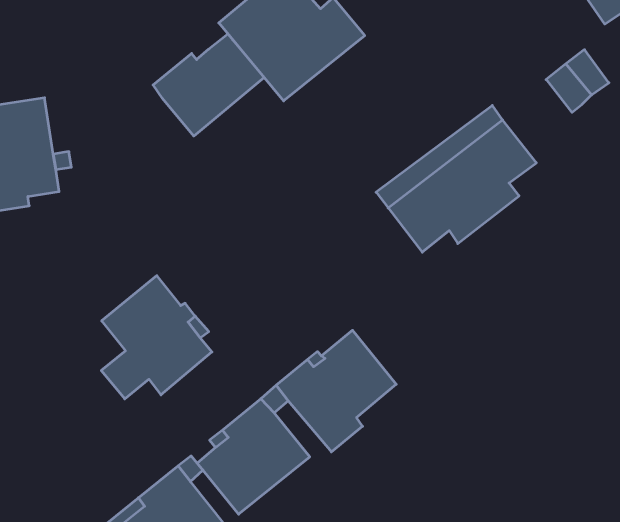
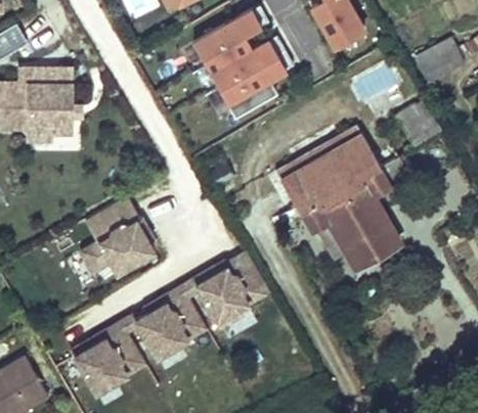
building: [153,34,264,136] -> none
building: none -> [299,167,400,267]

